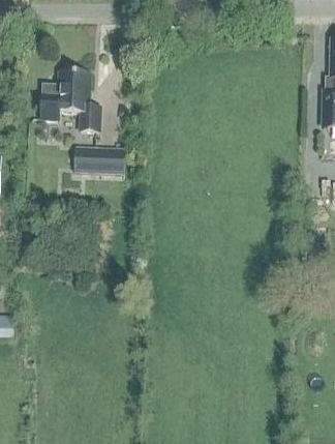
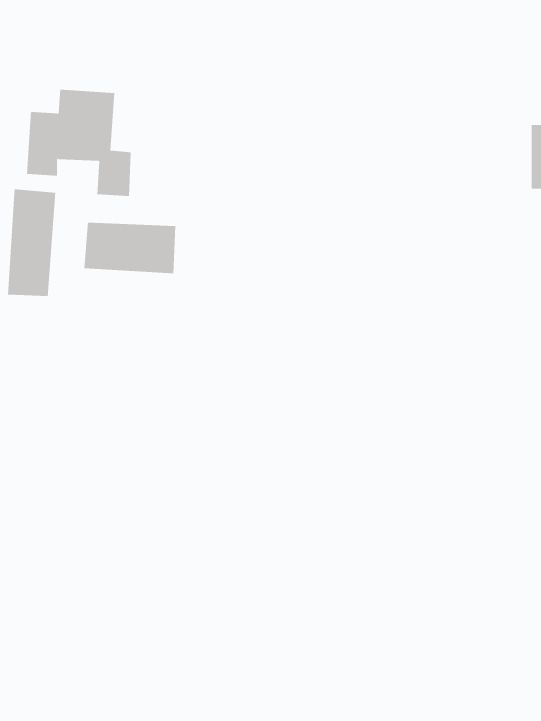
building: none -> [8,188,56,297]

